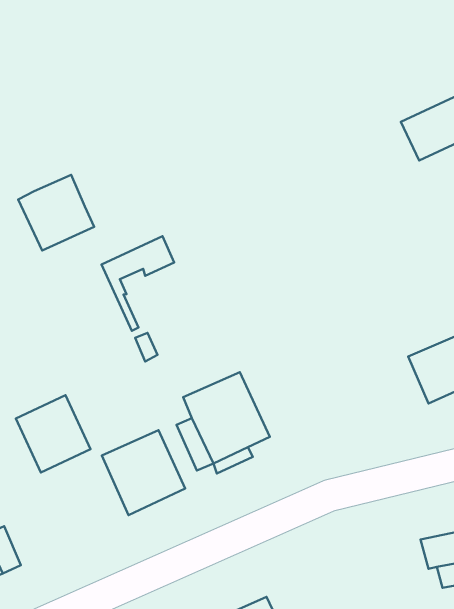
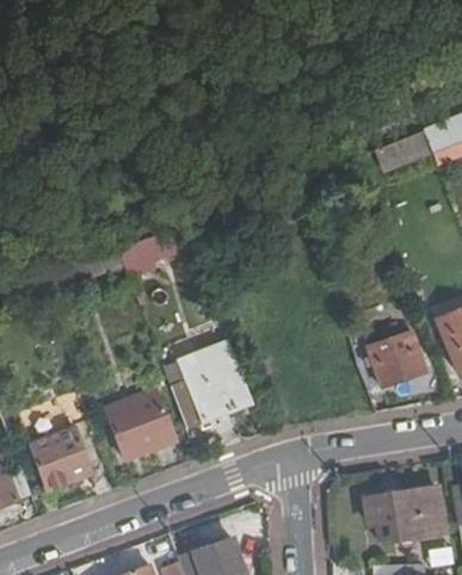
building: [18,175,94,250] -> none
building: [16,395,91,472] -> [29,428,90,491]

